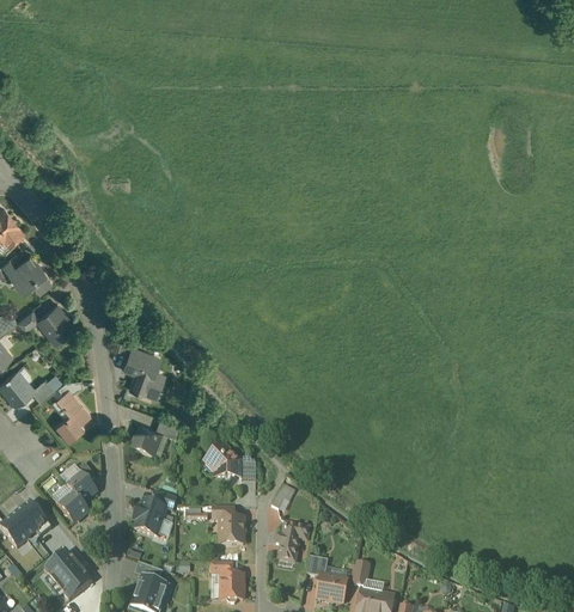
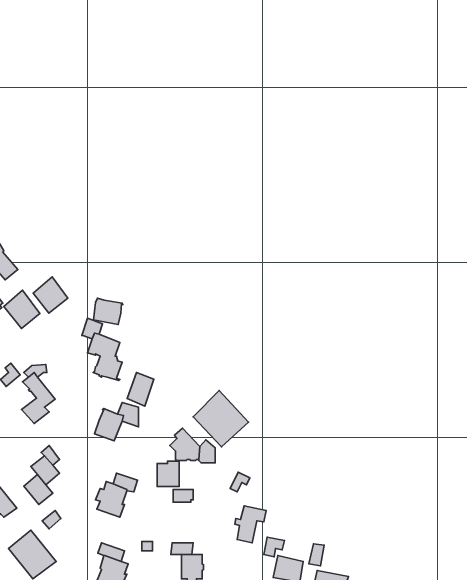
building: none -> [33,277,68,313]
building: none -> [93,298,123,325]
building: none -> [127,373,154,406]
building: none -> [193,391,249,447]
building: [220,519,243,545] -> [157,461,179,487]

